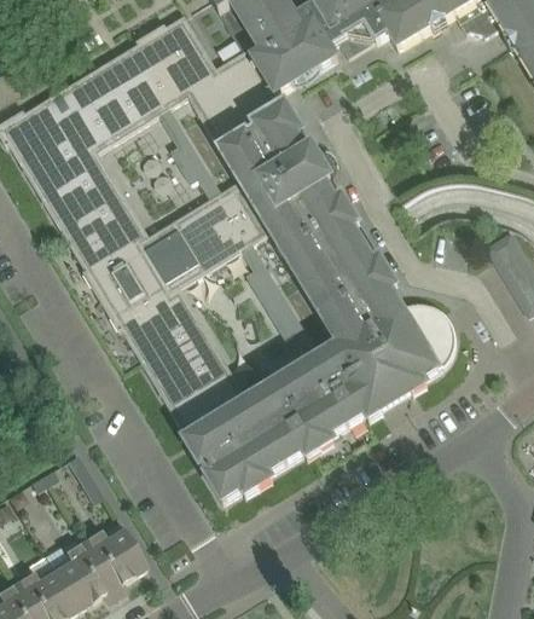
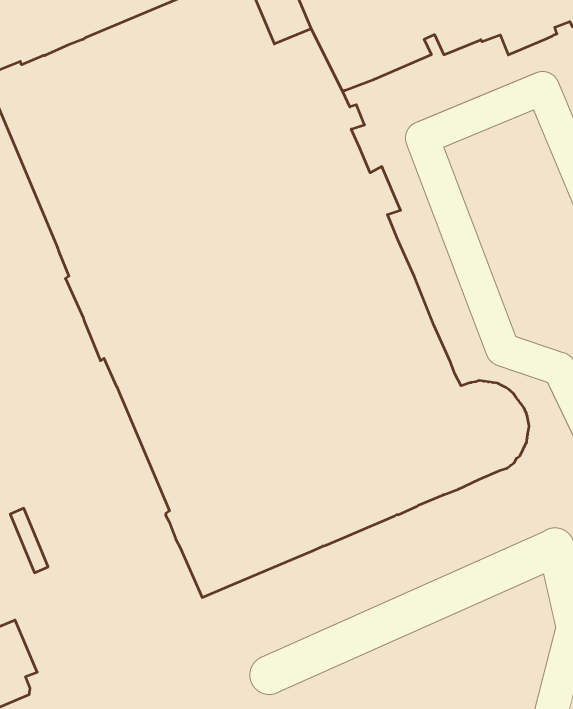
building: [85,528,149,583] -> none

